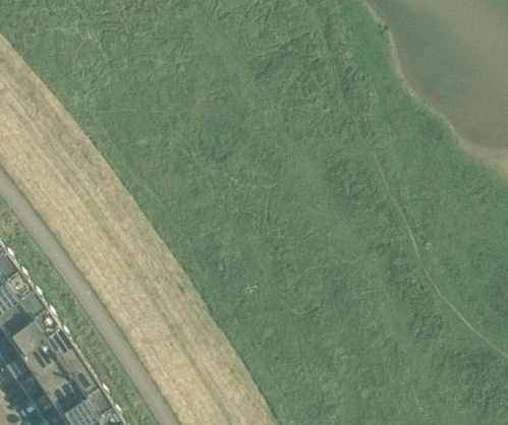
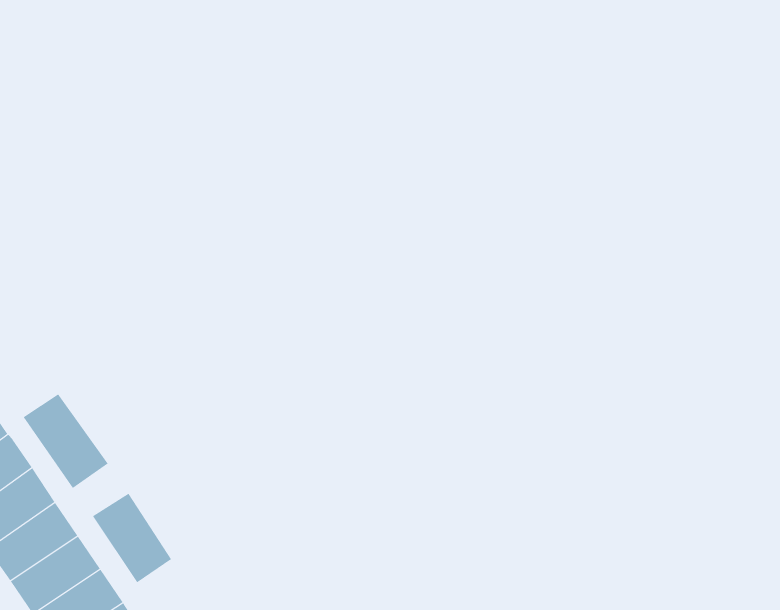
building: none -> [23,394,109,489]
building: none -> [92,493,172,583]

